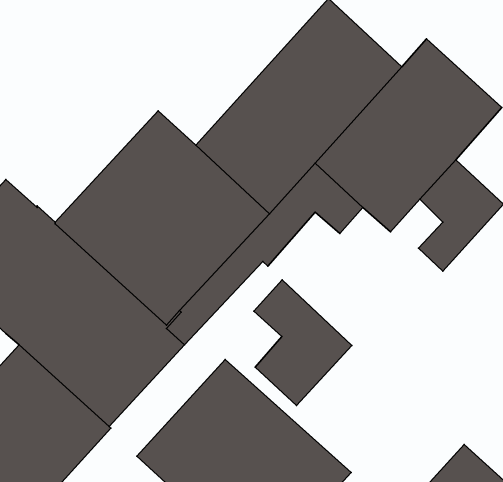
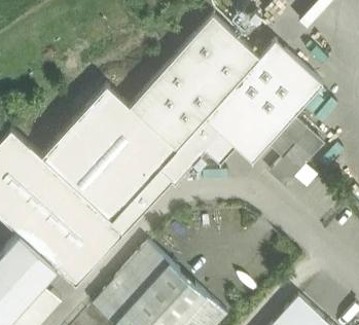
building: [254,280,352,406] -> none

